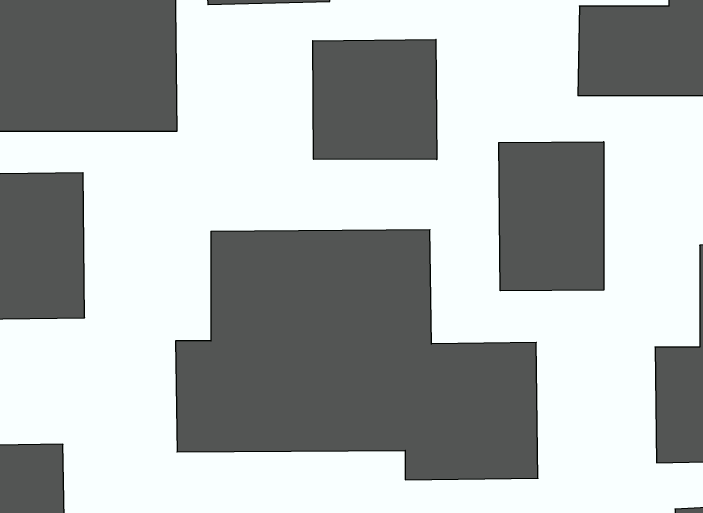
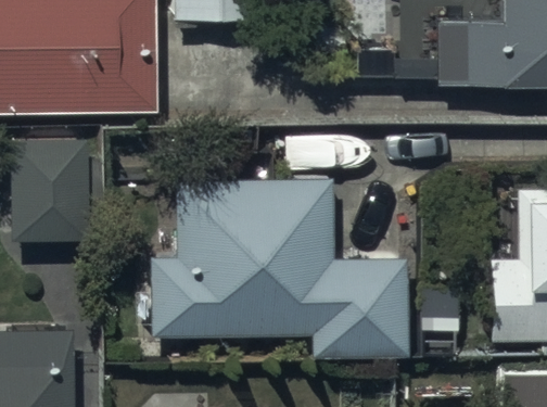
building: [313,39,437,160] -> none
building: [499,142,604,291] -> none

